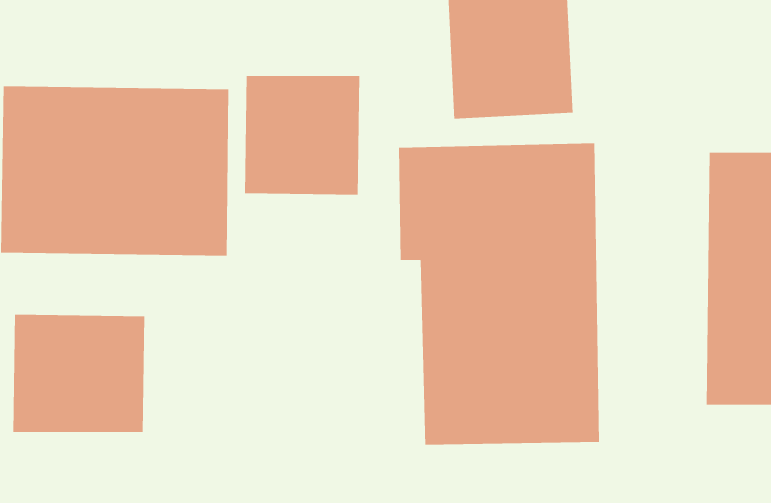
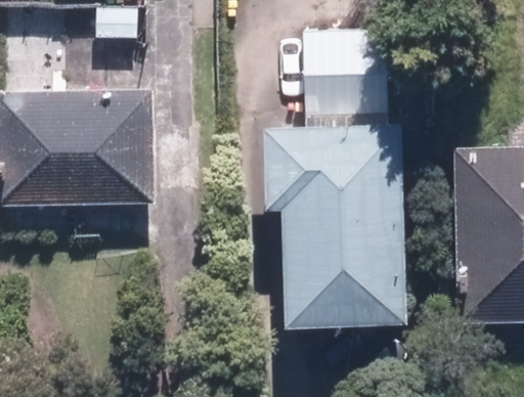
building: [244,75,360,196] -> none
building: [13,314,145,433] -> none

